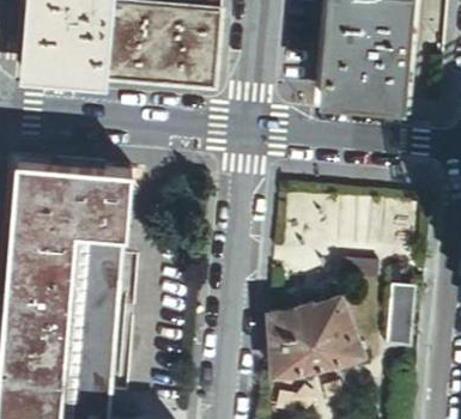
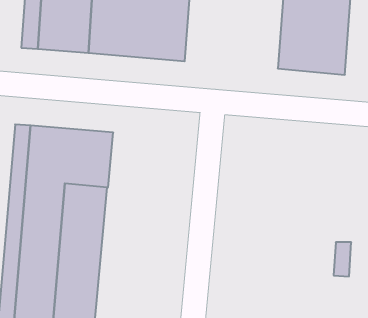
building: [269,299,364,378] -> none

